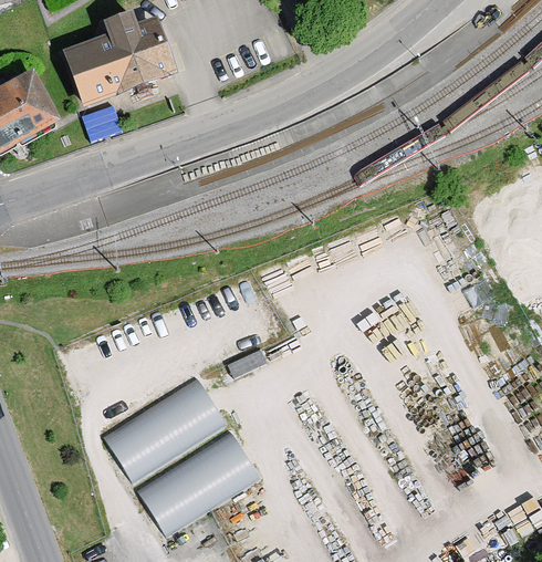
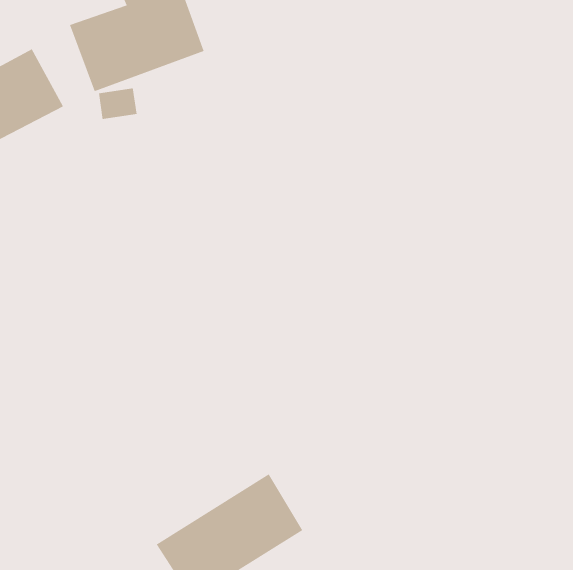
building: [104,376,228,482] -> none

